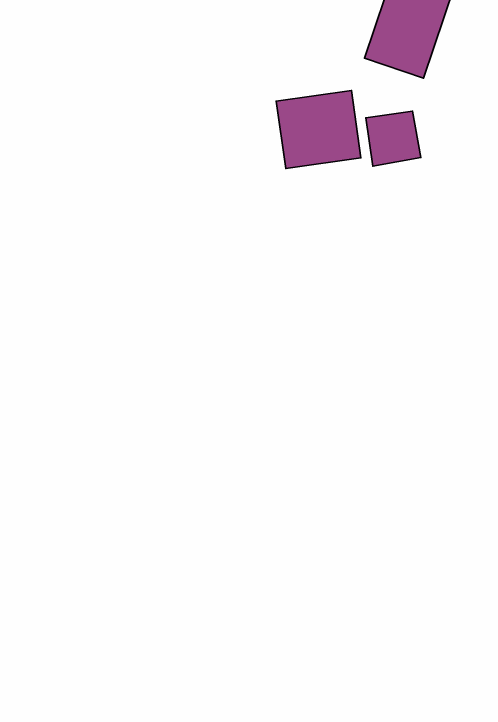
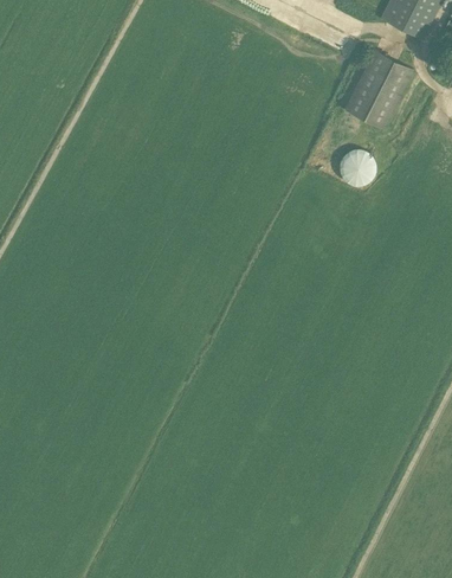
building: [276,90,361,169] -> none

